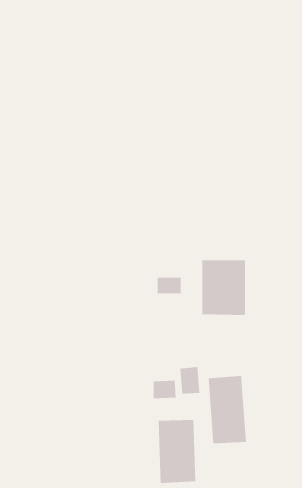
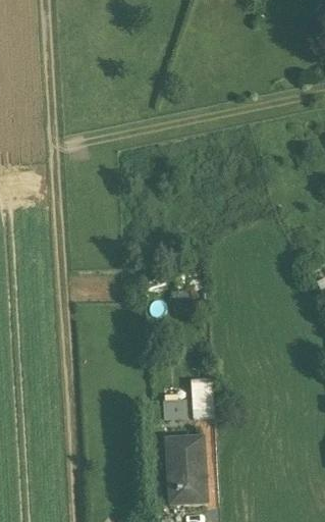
building: [202,259,246,316] -> none
building: [208,375,247,444] -> none

